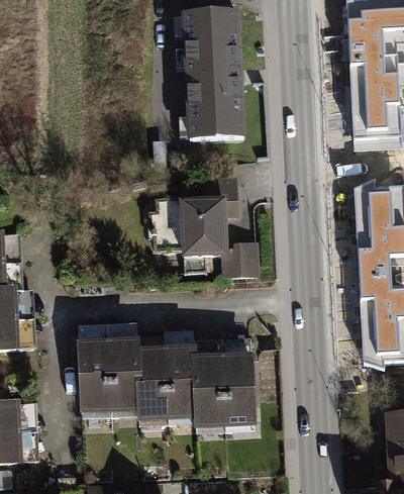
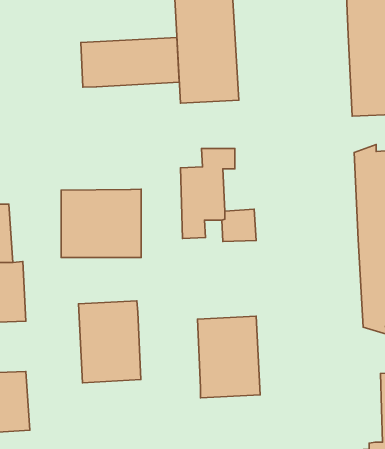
building: none -> [81,38,179,87]
building: none -> [61,189,141,257]
building: [140,342,203,424] -> none

